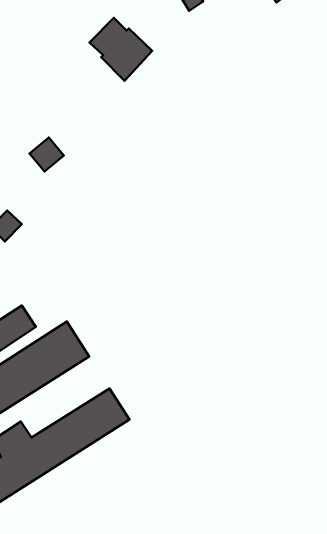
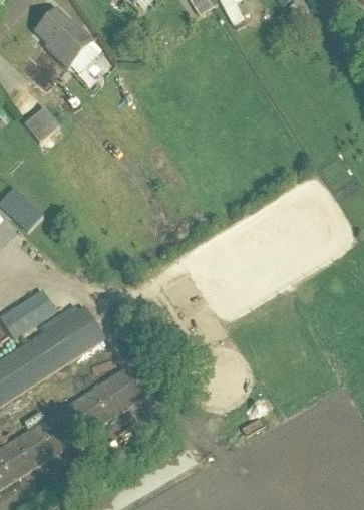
building: [89,18,152,81] -> [34,8,93,67]
building: [30,137,64,172] -> [28,106,60,139]

